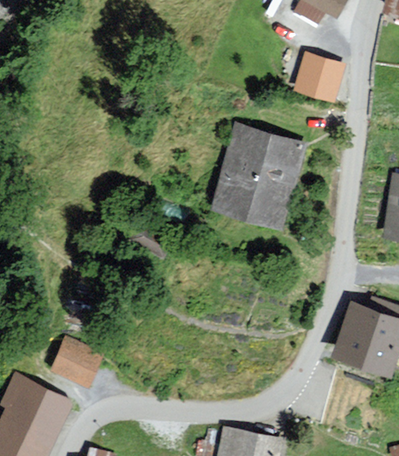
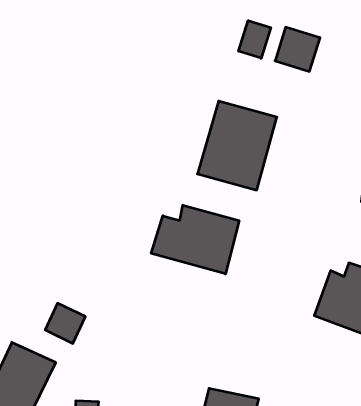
building: none -> [239,21,271,58]
building: none -> [151,205,239,274]

